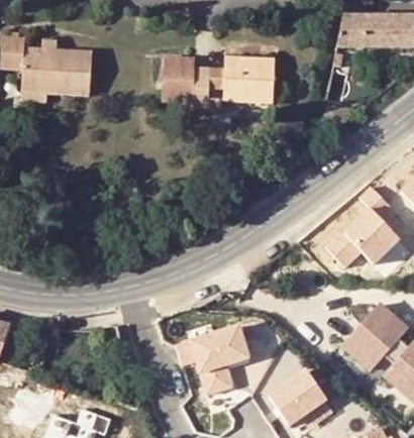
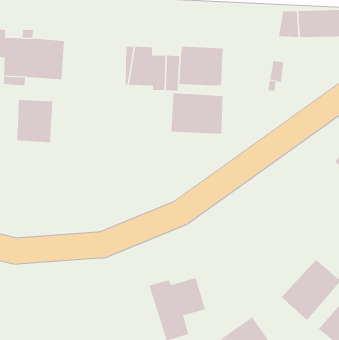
building: none -> [171,93,223,135]
building: none -> [17,99,53,143]
building: [319,185,402,264] -> none

